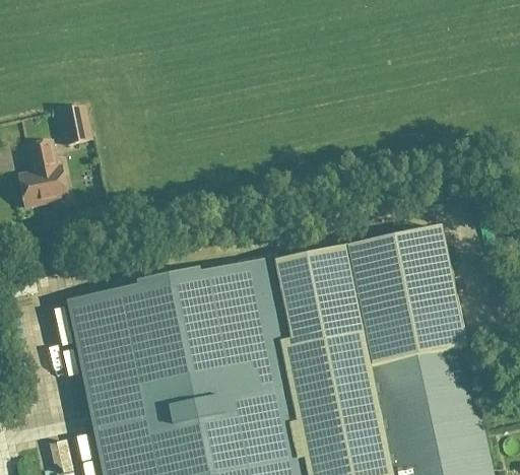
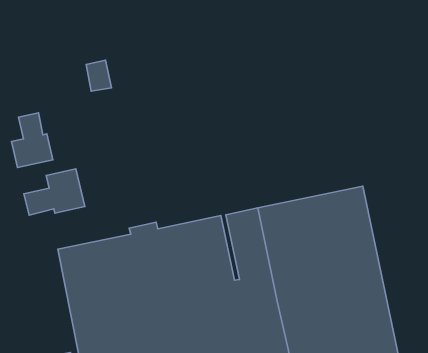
building: [59,107,89,144] -> [86,60,111,91]
building: none -> [24,169,85,215]

